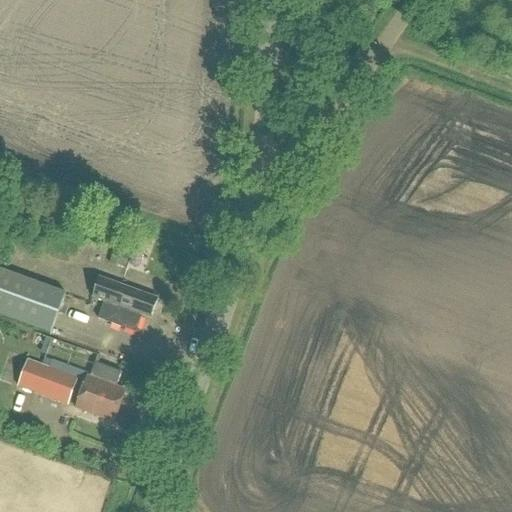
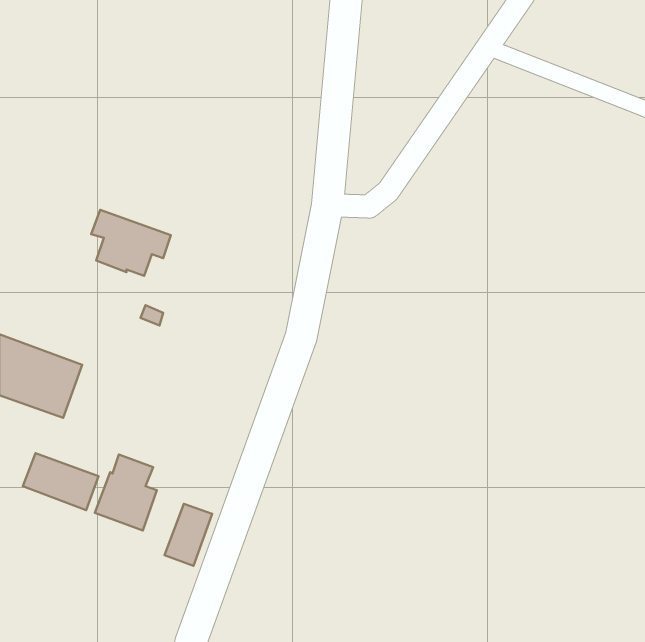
building: [93,276,156,328] -> [91,210,171,276]
building: none -> [164,504,212,566]

